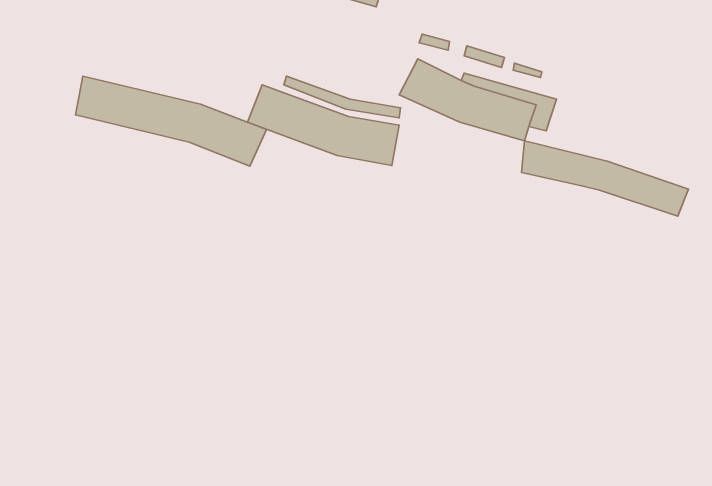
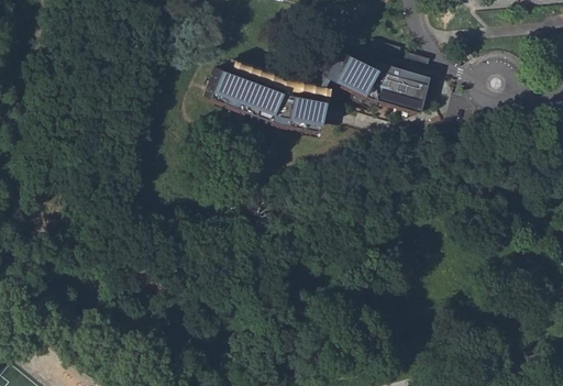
building: [76,76,266,166] -> none
building: [522,141,689,216] -> none

